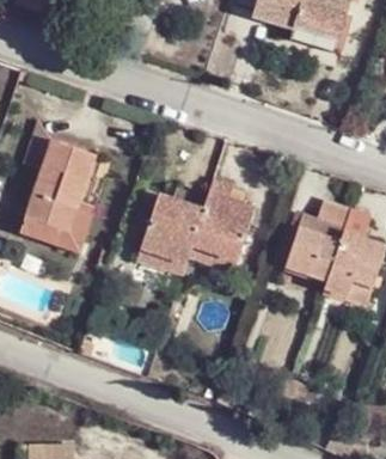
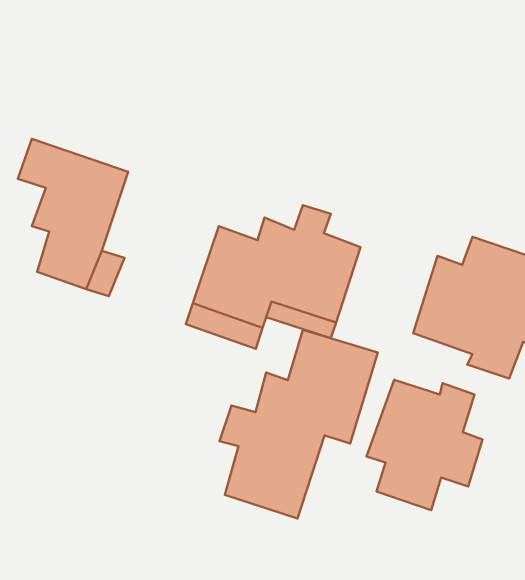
building: none -> [220,330,378,518]
building: none -> [367,380,483,510]

